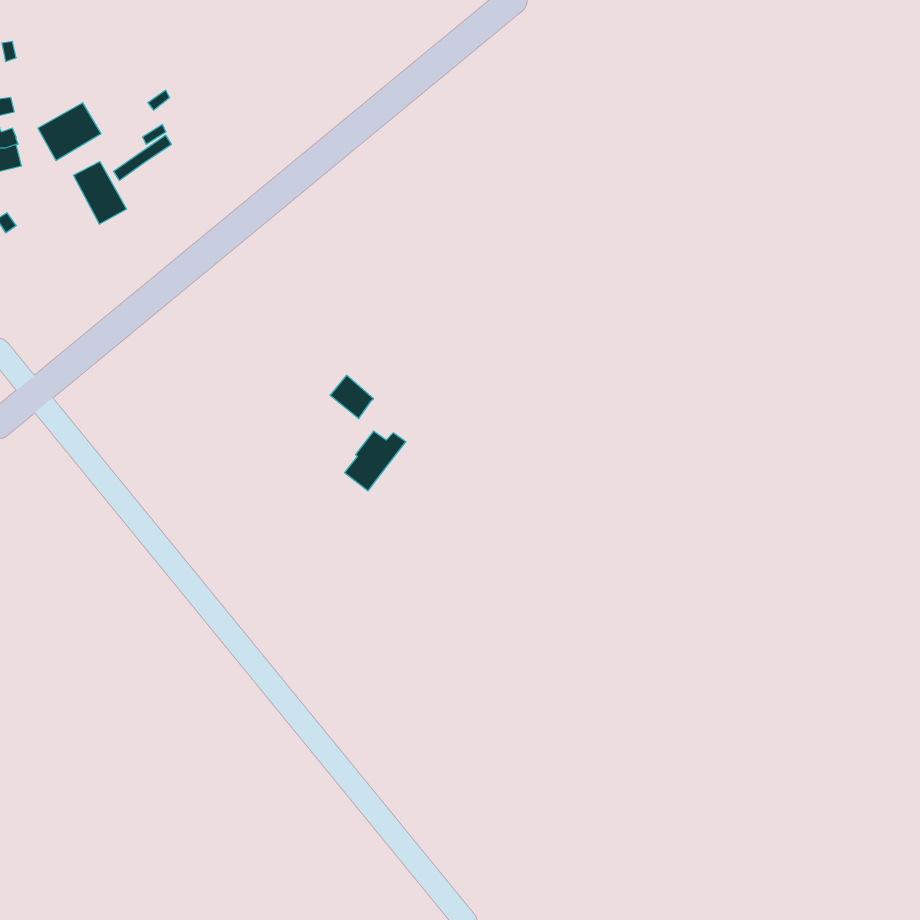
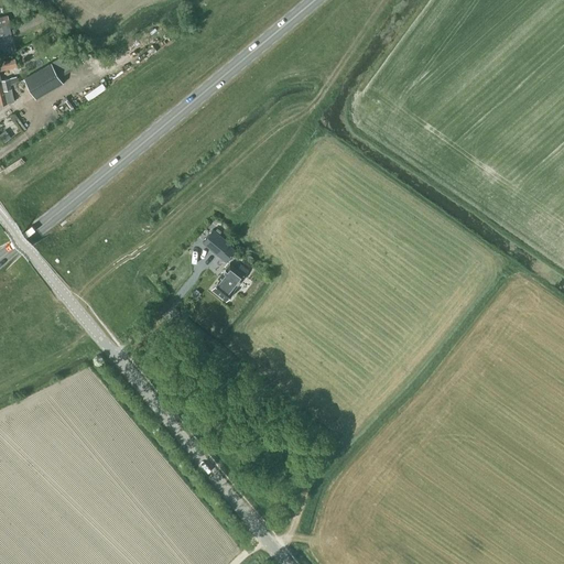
building: [74,162,126,224] -> none

